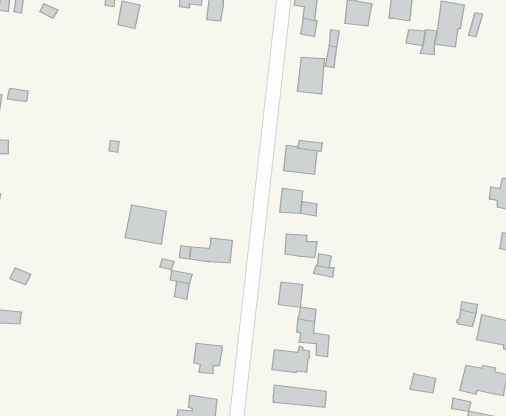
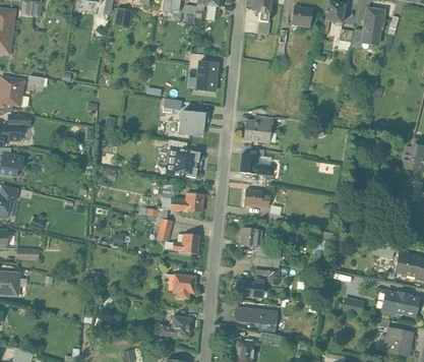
building: [297,57,325,94] -> [196,62,218,90]
building: none -> [179,110,209,134]
building: [125,205,167,244] -> [168,147,200,178]
building: none -> [173,234,200,253]

